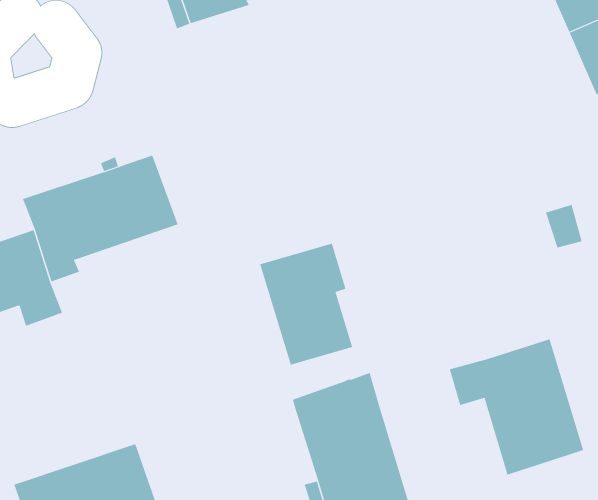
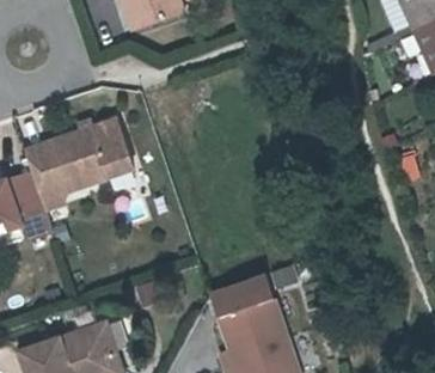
building: [260,243,353,365] -> none
building: [449,338,584,476] -> none

